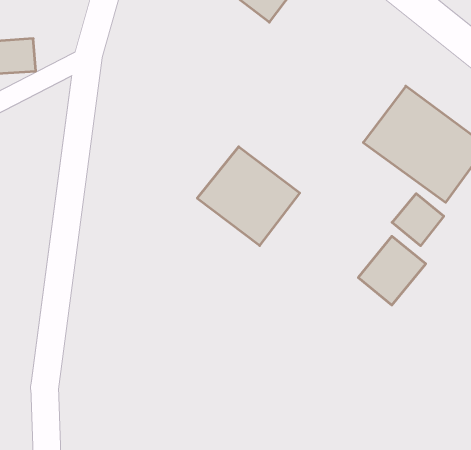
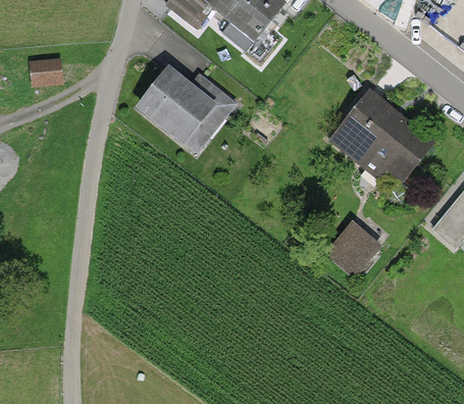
building: [197,147,300,246] -> [135,64,218,145]
building: [392,194,444,246] -> none

